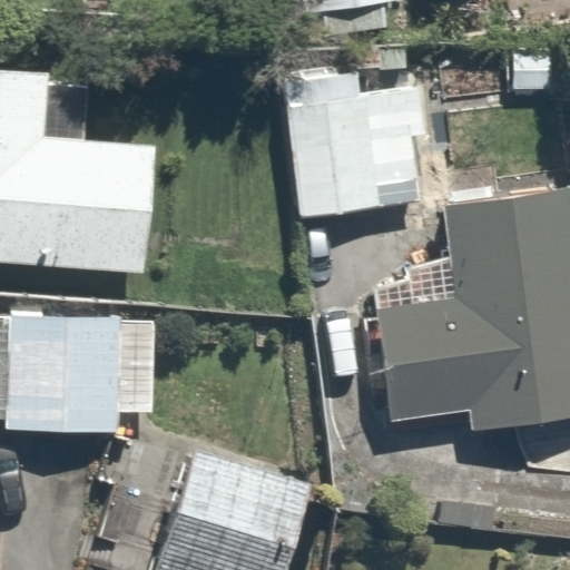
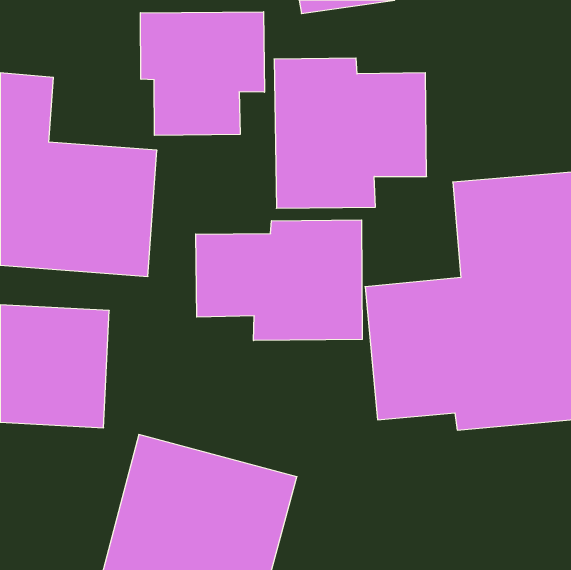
building: none -> [140,12,264,135]
building: none -> [196,220,362,341]

